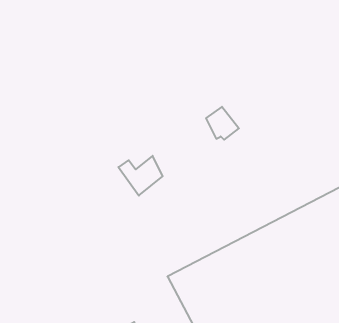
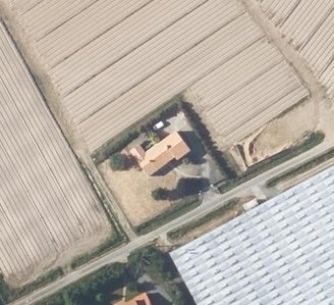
building: [206,107,239,140] -> [158,134,187,163]

